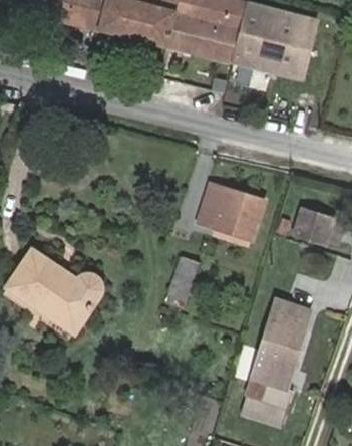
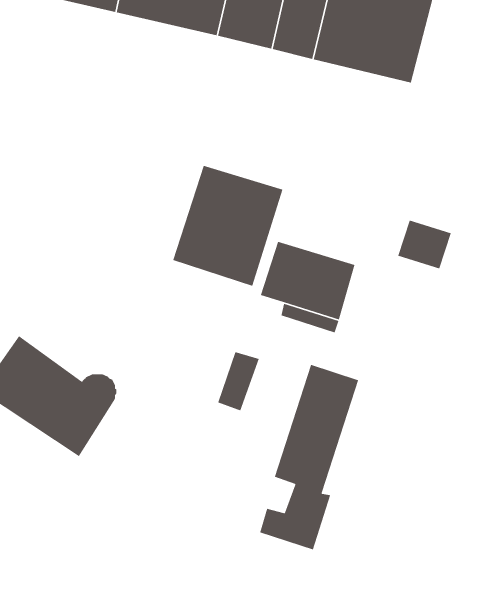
building: none -> [172,165,283,287]
building: [295,209,332,243] -> [397,219,452,269]
building: [241,299,309,427] -> [259,364,359,551]

